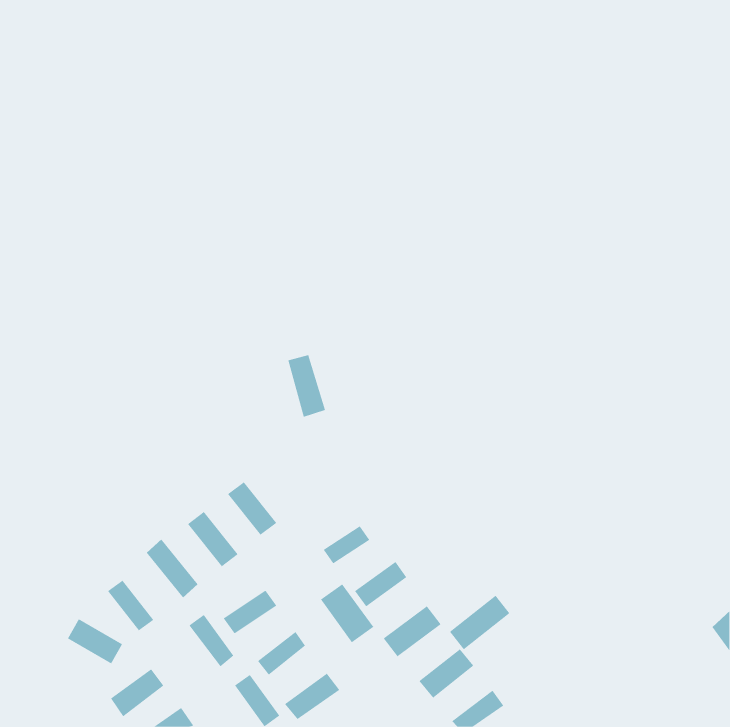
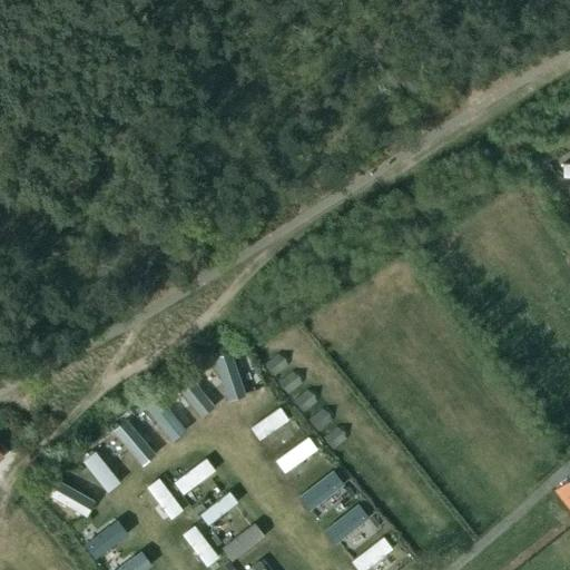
building: [287,355,326,417] -> [216,354,246,403]
building: [320,583,374,643] -> none
building: [449,595,510,650] -> none

